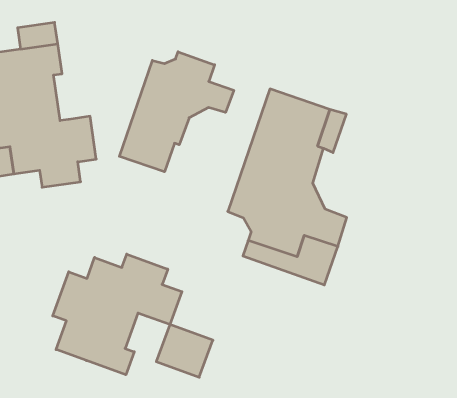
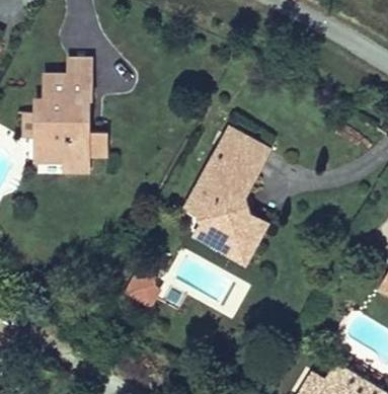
building: [119,52,234,172] -> none
building: [53,254,182,375] -> none

